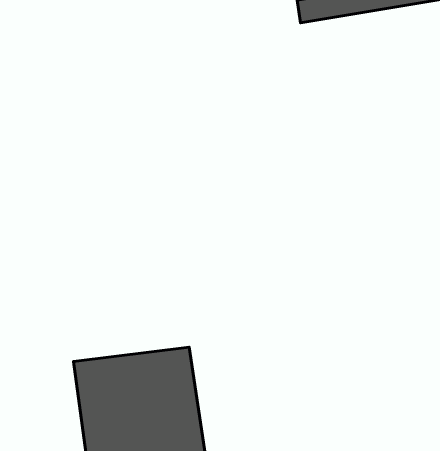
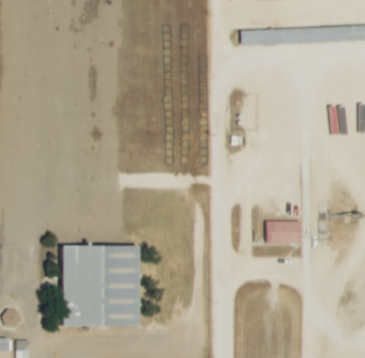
building: none -> [266,221,300,243]

